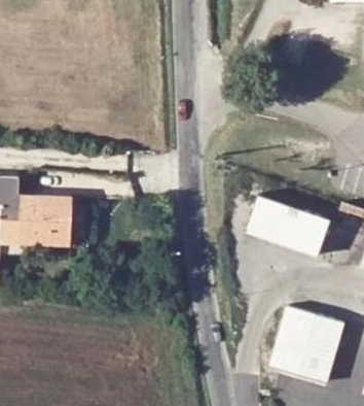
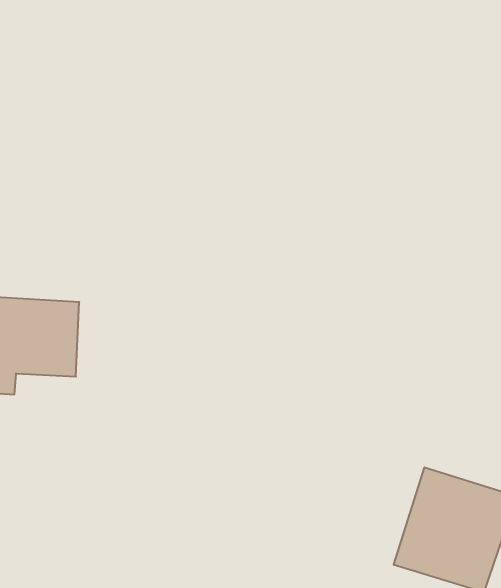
building: [249,197,331,261] -> none

